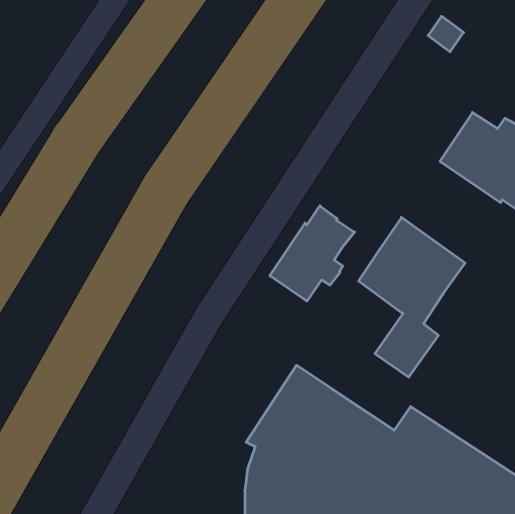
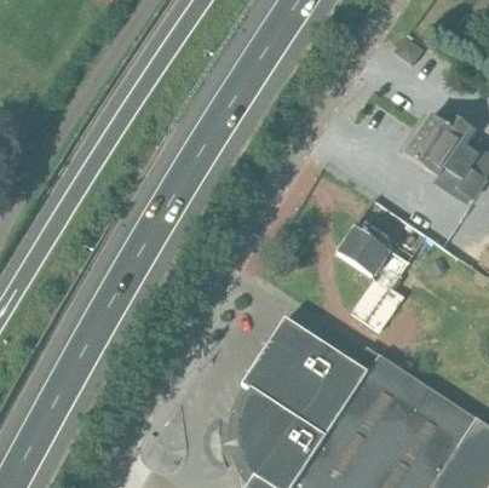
building: [270,206,355,301] -> none

